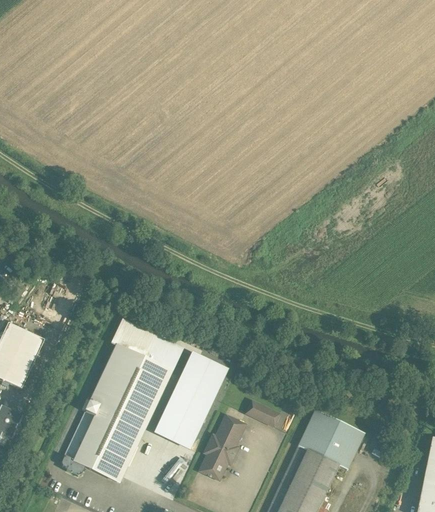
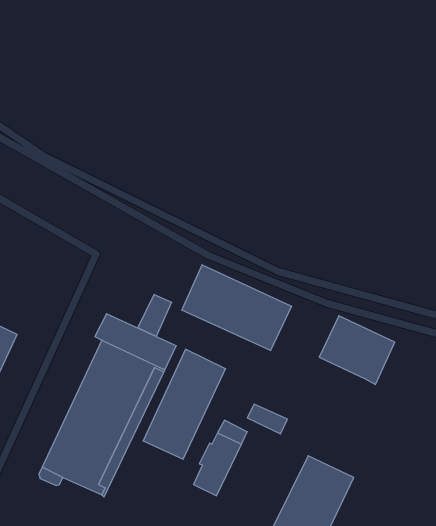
building: none -> [182,265,291,351]
building: none -> [138,294,171,337]
building: [298,410,364,470] -> [319,316,395,385]

